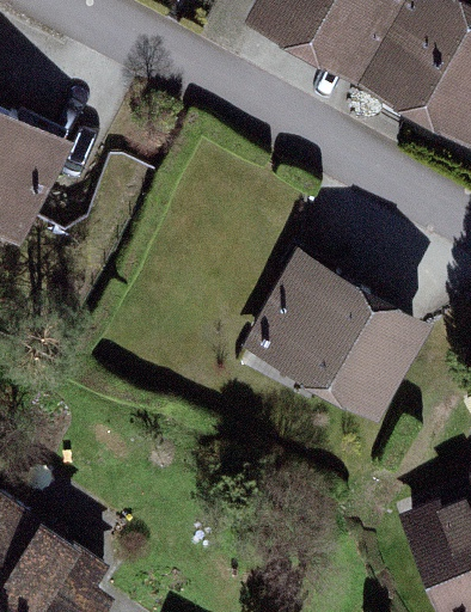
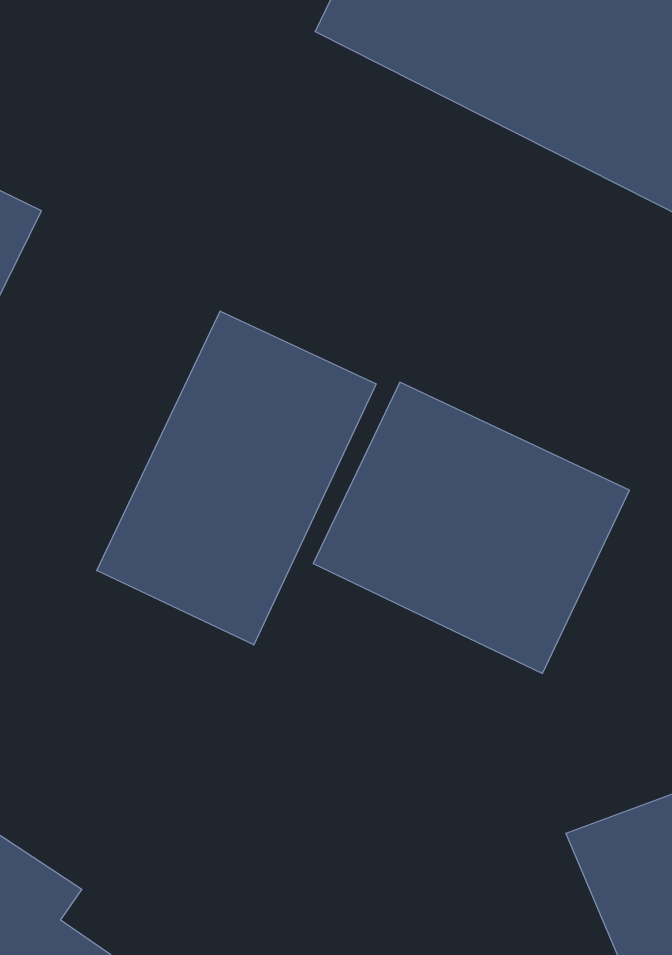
building: none -> [97,311,376,645]

